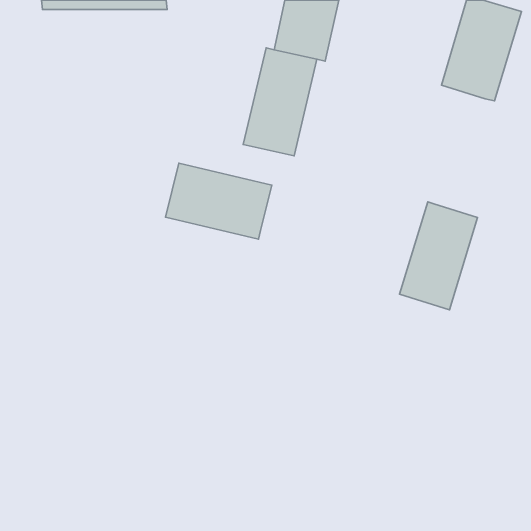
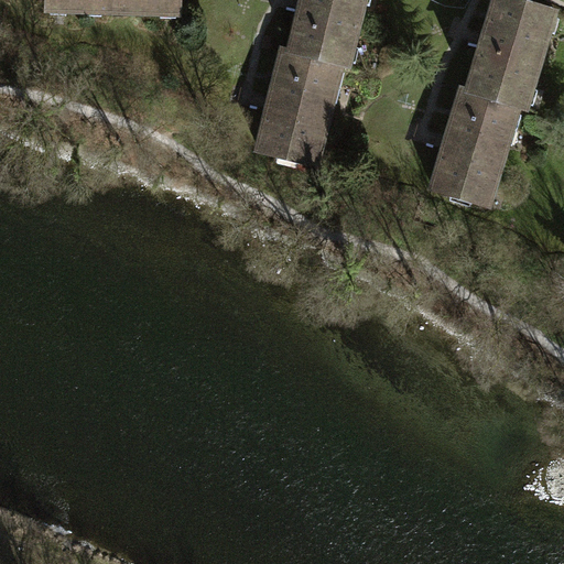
building: [165,163,272,239] -> none
building: [400,202,478,310] -> [432,88,514,203]

